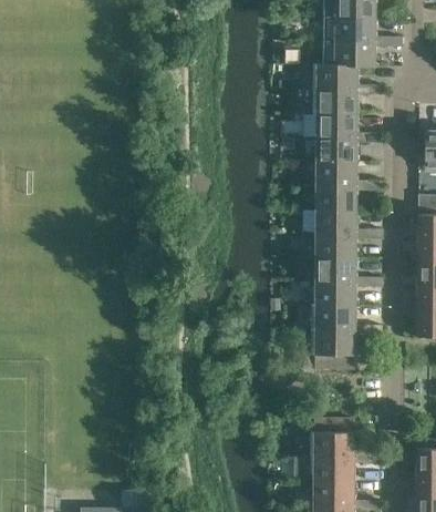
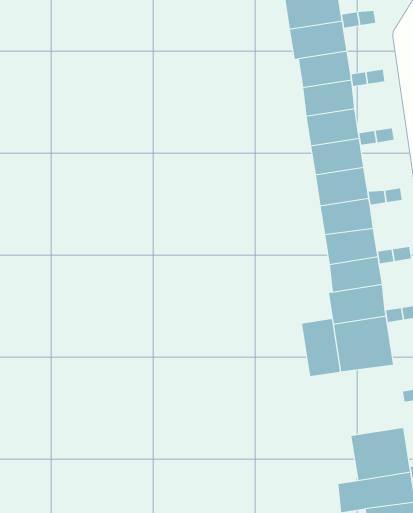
building: none -> [301,318,341,377]

